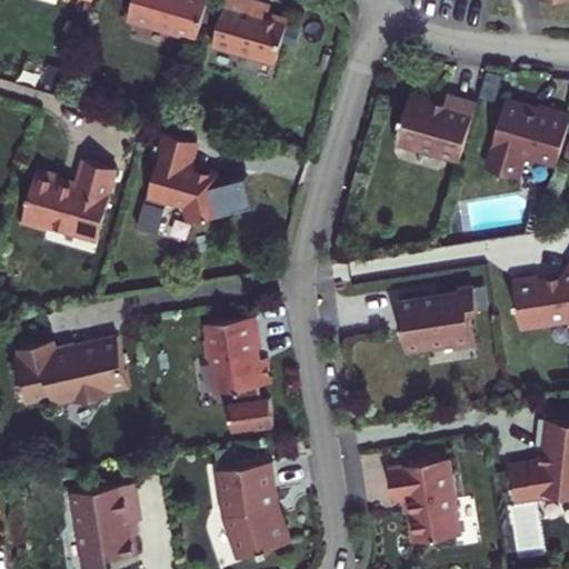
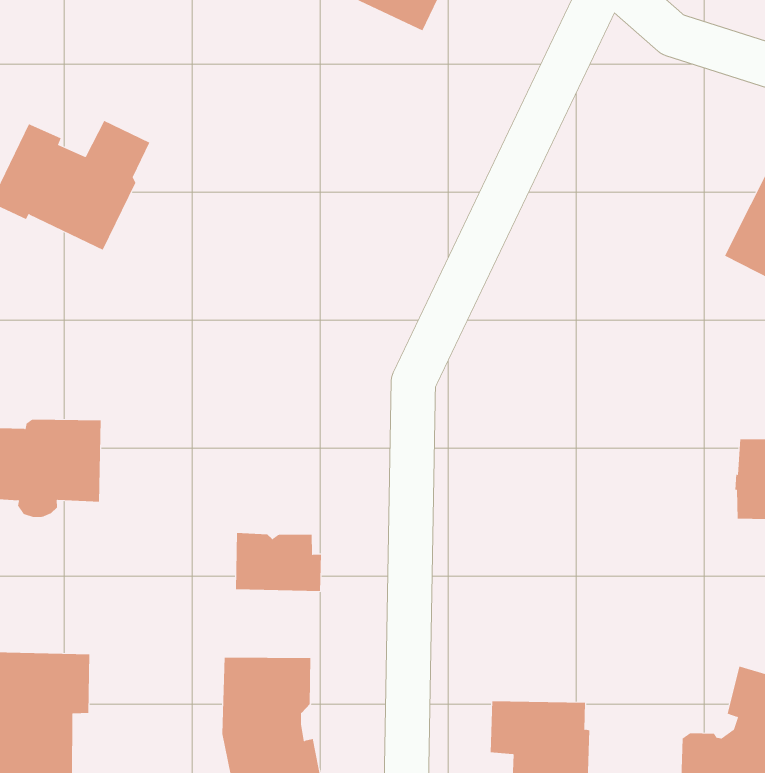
building: [396,94,476,162] -> none
building: [143,134,237,232] -> none
building: [397,284,477,348] -> none
building: [198,317,264,393] -> none

